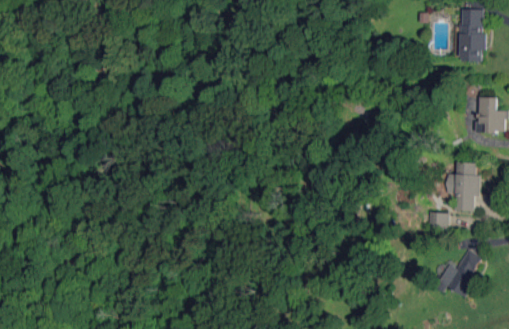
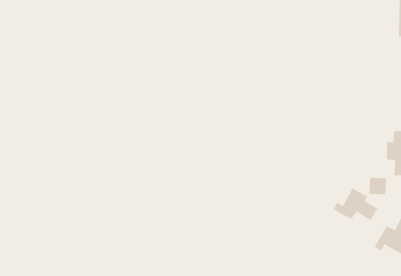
building: none -> [333,187,378,221]

